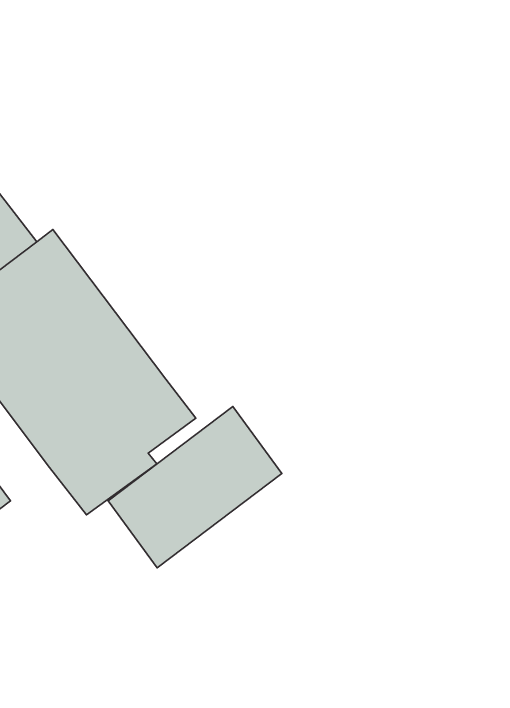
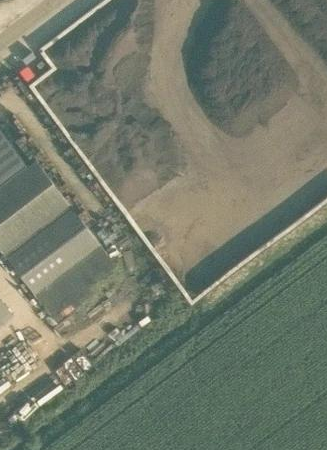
building: [108,406,282,568] -> none

